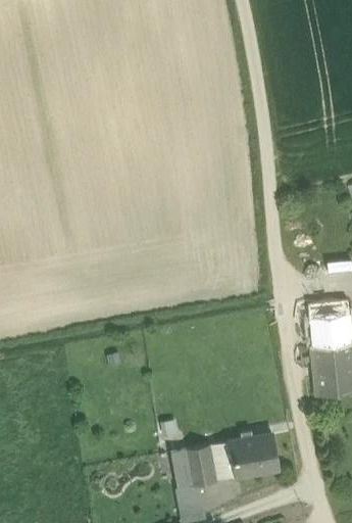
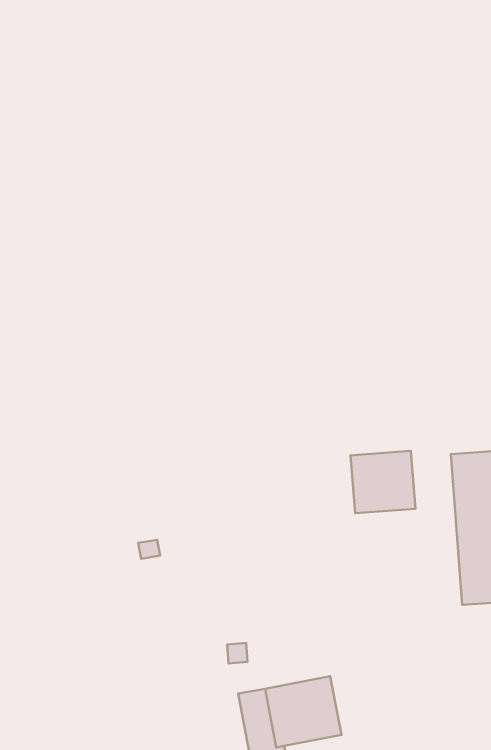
building: none -> [351,451,415,513]
building: [229,432,280,481] -> none

